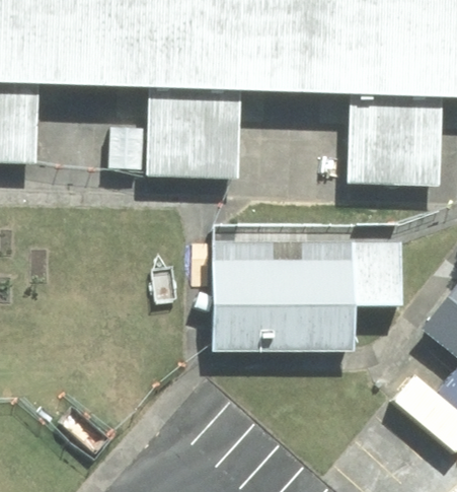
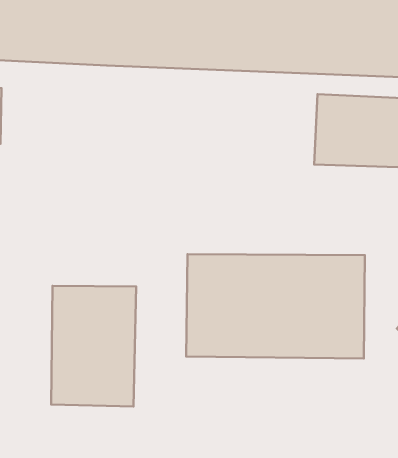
building: [141,101,239,177] -> none
building: none -> [51,286,136,406]

